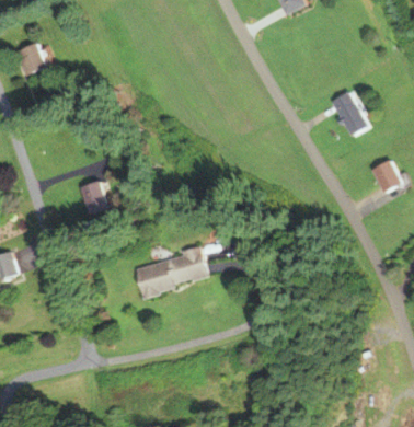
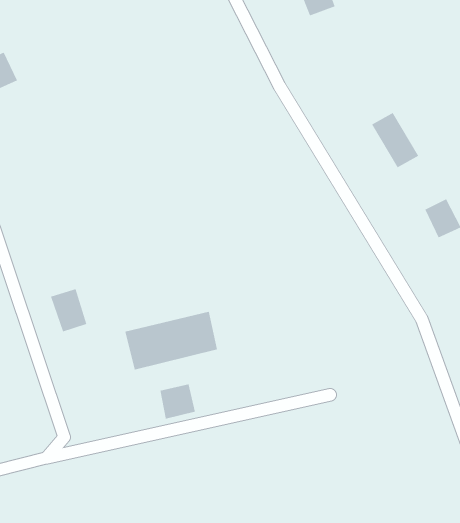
building: [79,178,108,214] -> [50,288,87,332]
building: none -> [160,384,196,419]

